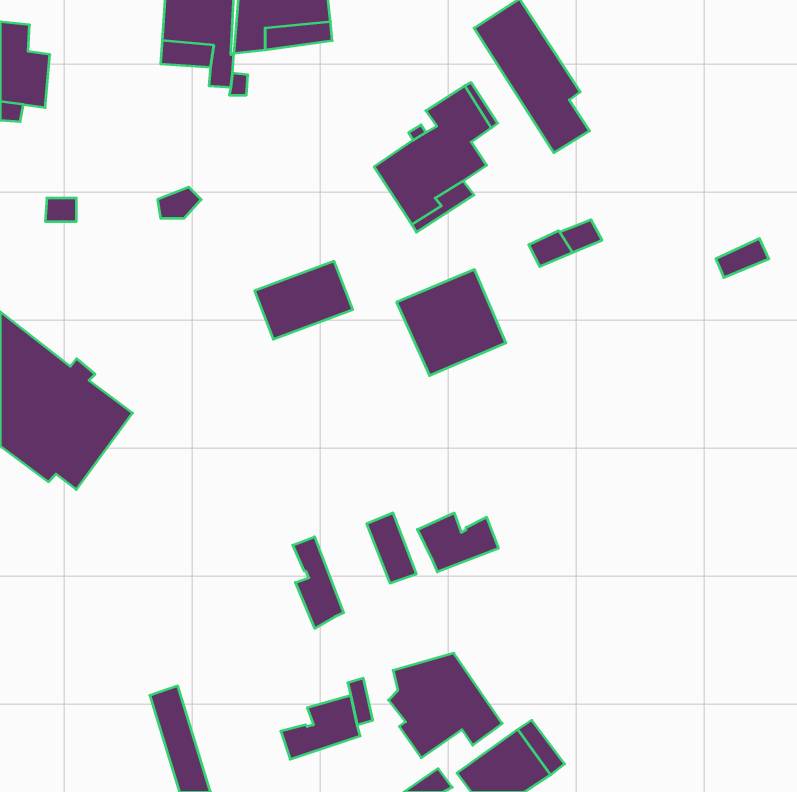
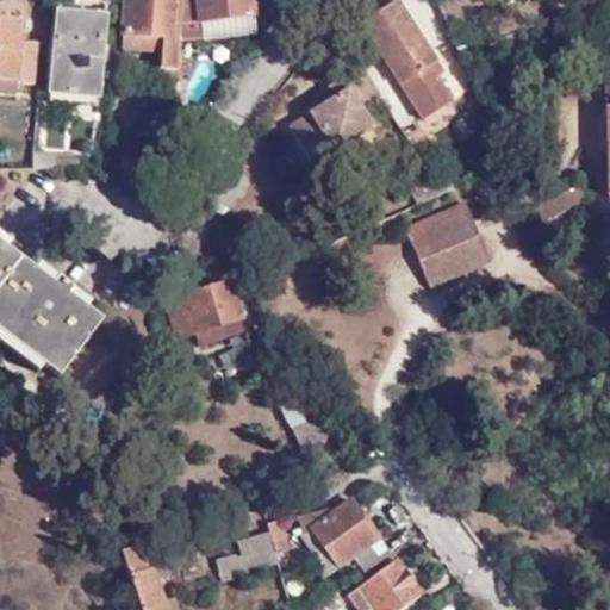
building: none -> [50,11,104,95]
building: [255,261,353,339] -> [166,279,241,338]
building: [397,270,506,376] -> [406,203,490,284]
building: [417,513,498,572] -> none
building: [293,537,344,628] -> none

